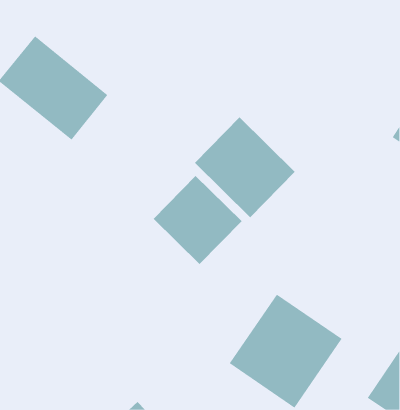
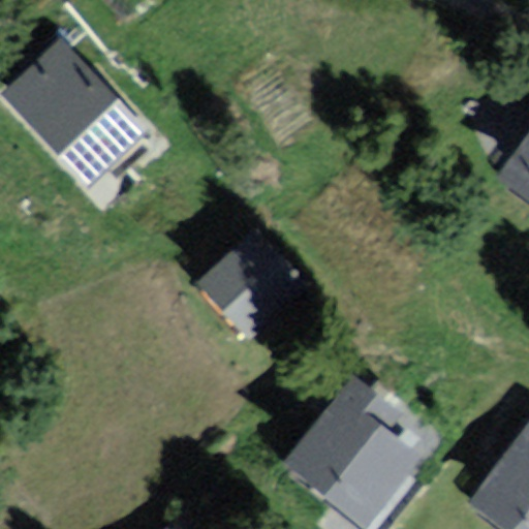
building: [194,117,296,218] -> none

